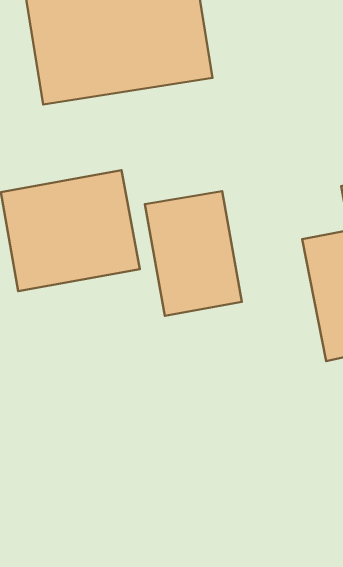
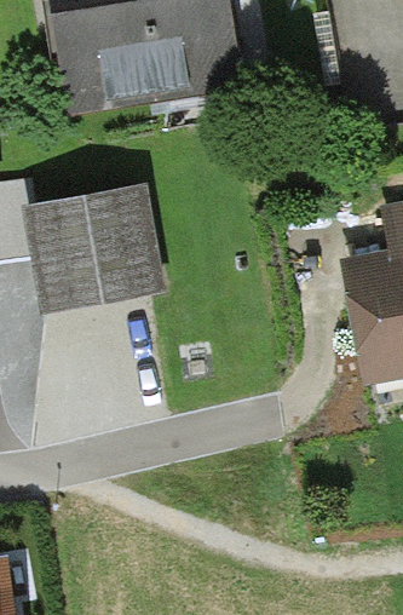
building: [145,191,242,316] -> none

